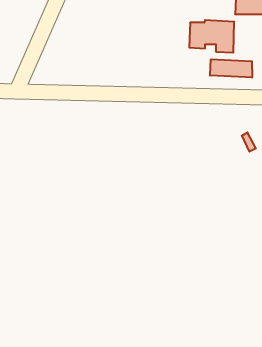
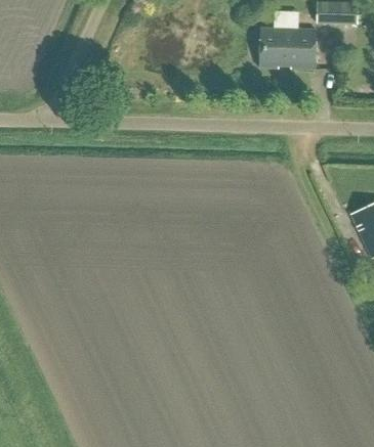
building: [210,59,252,78] -> none

